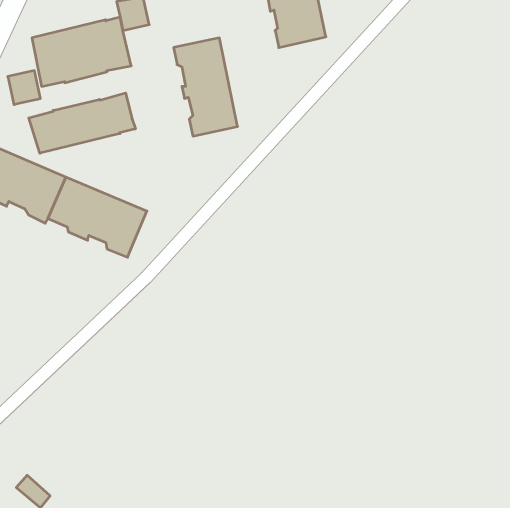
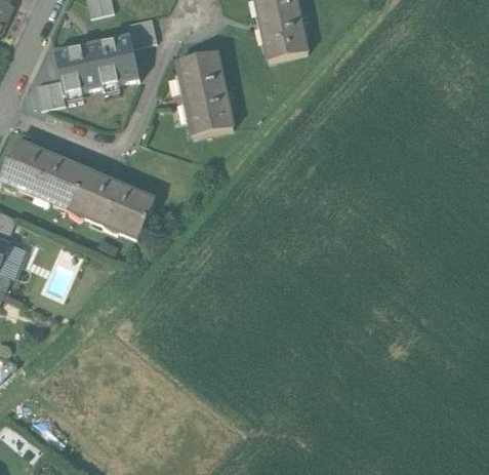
building: [29,93,135,153] -> none

